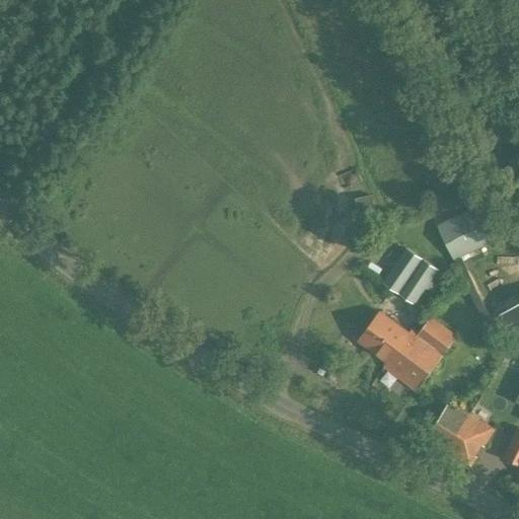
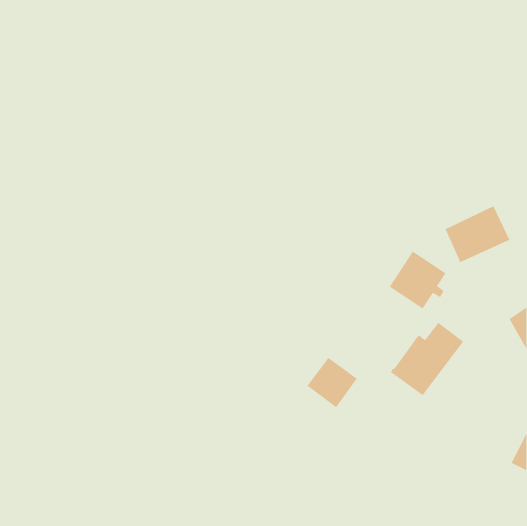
building: [358,312,409,363] -> [306,357,358,408]
building: [427,402,493,465] -> none

